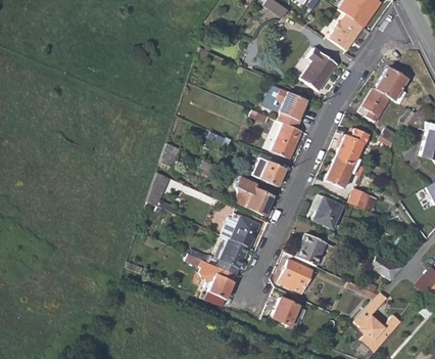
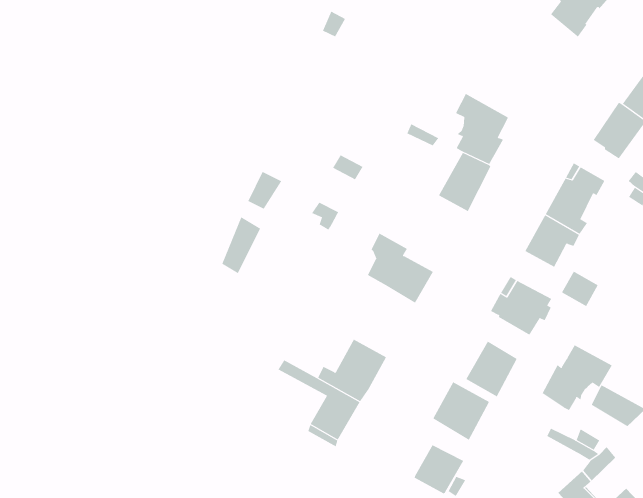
building: [300,48,336,91] -> none
building: [252,156,286,186] -> none
building: [224,213,259,248] -> none
building: none -> [542,345,612,411]

